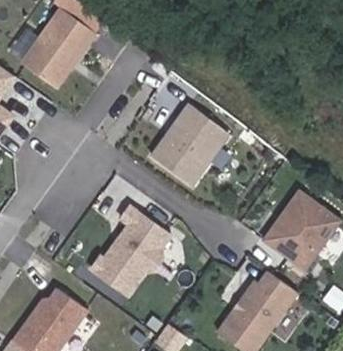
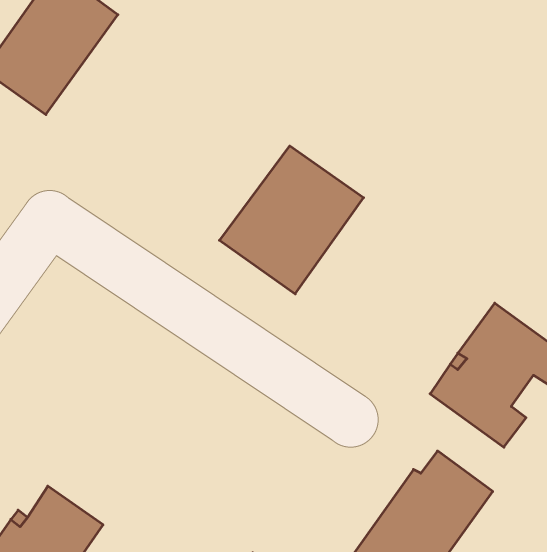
building: [81,197,171,295] -> none

